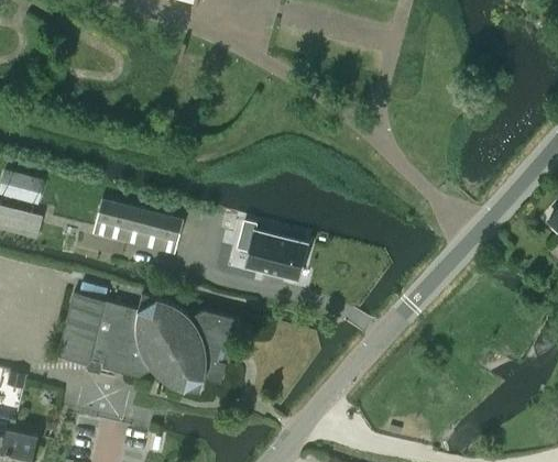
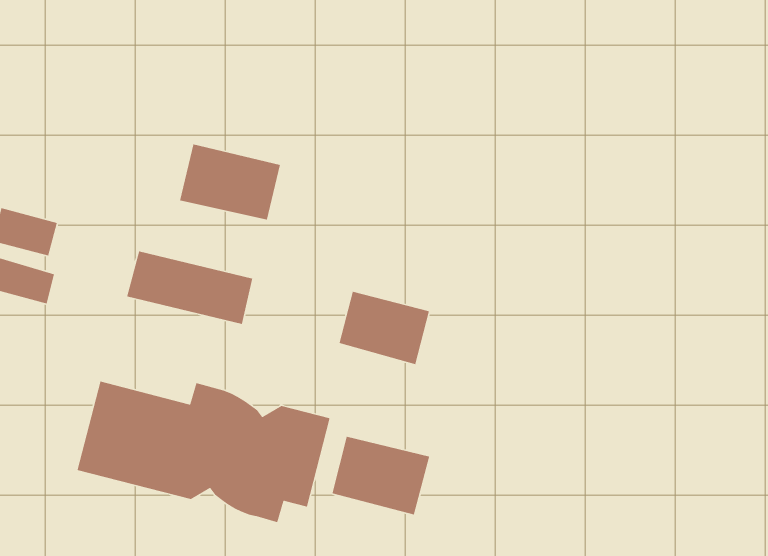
building: none -> [179,143,281,220]
building: none -> [331,436,430,515]

